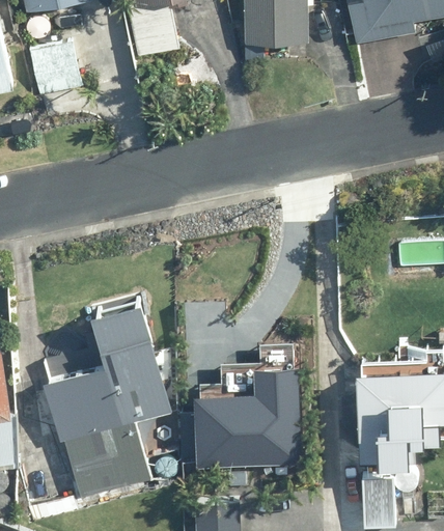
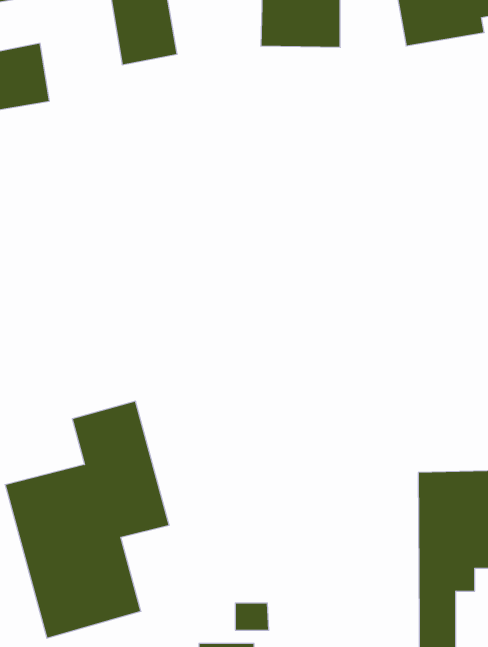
building: [195,368,300,469] -> none

